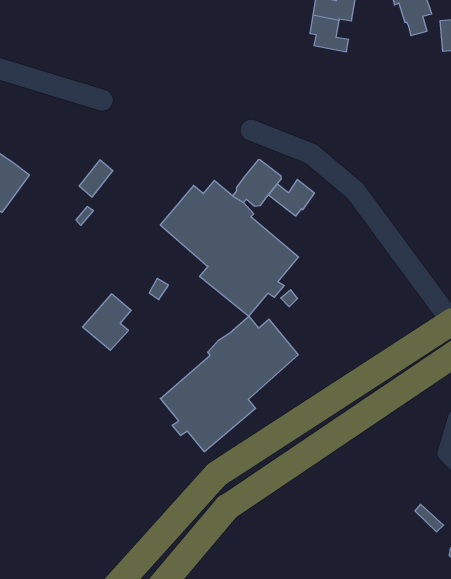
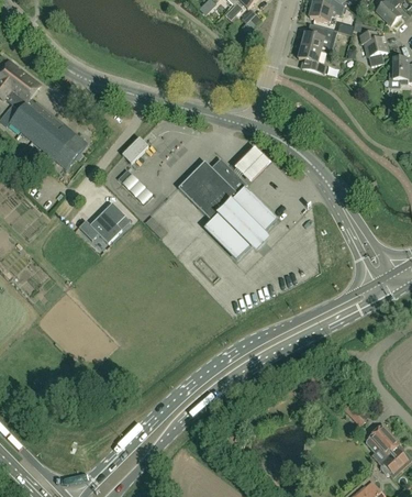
building: [268,179,314,216] -> none
building: [82,294,131,350] -> [89,202,125,243]
building: [160,316,298,452] -> none

